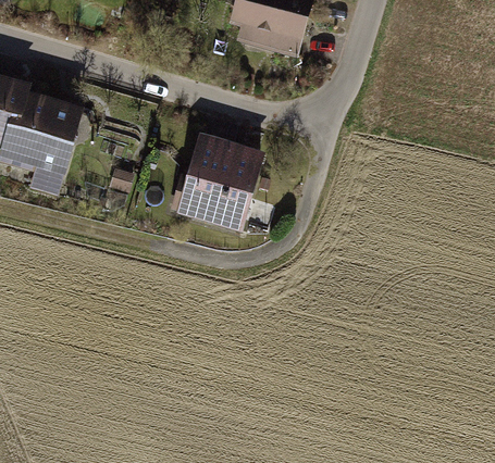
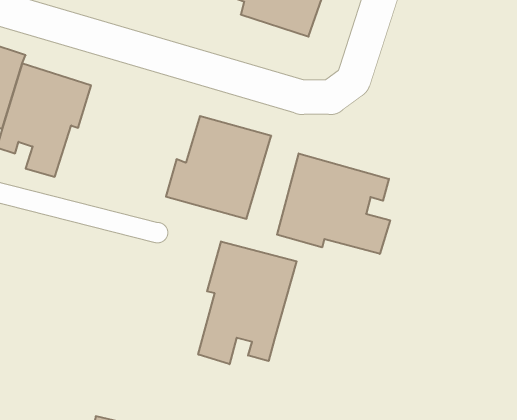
building: none -> [277,153,390,254]
building: none -> [198,241,297,364]

